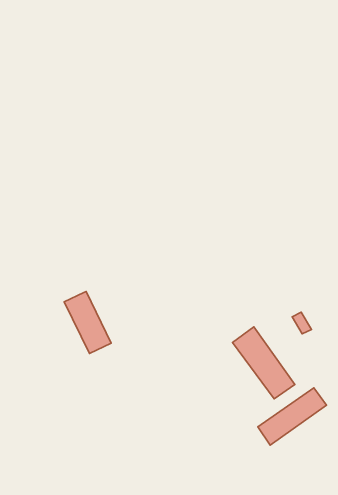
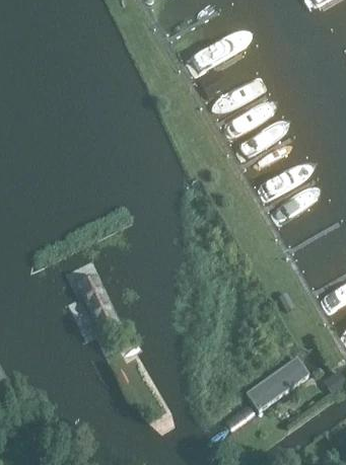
building: [233,327,295,399] -> none

